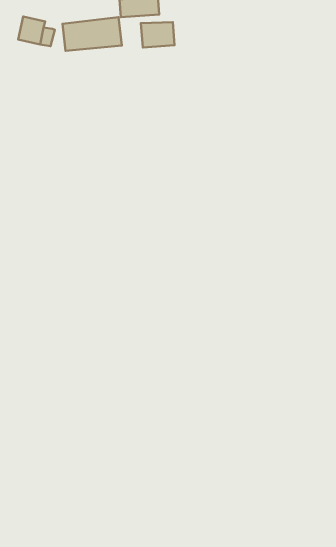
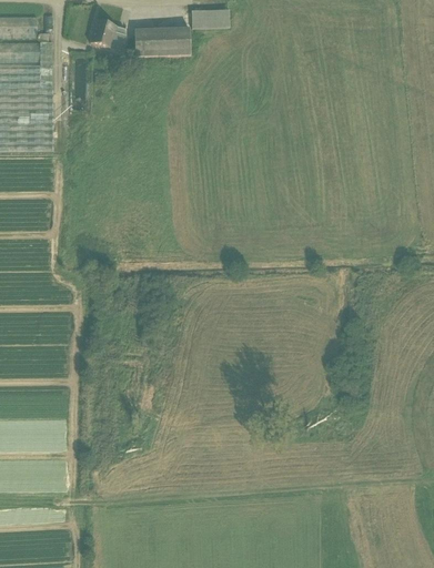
building: [141,22,174,48] -> none

